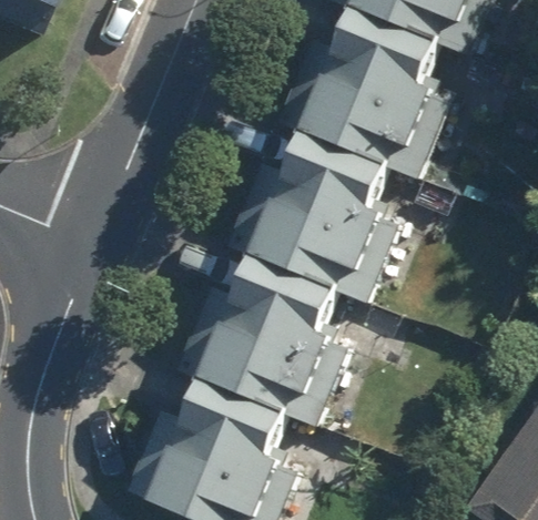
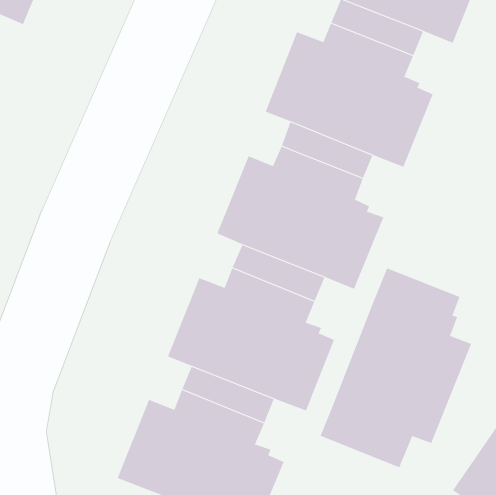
building: none -> [320,268,472,468]

